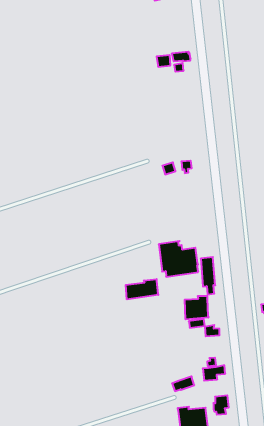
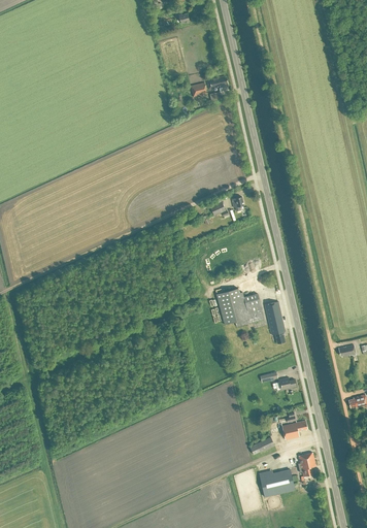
building: [126,279,158,299] -> none
building: [185,296,208,319] -> none

